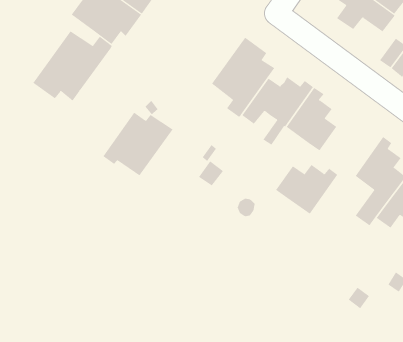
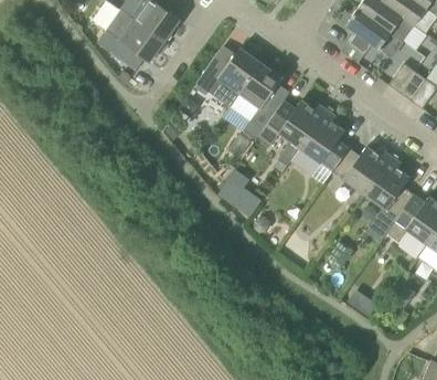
building: [32,30,112,102] -> none
building: [102,112,174,176] -> [194,46,262,107]
building: [275,164,338,214] -> [332,147,392,194]

